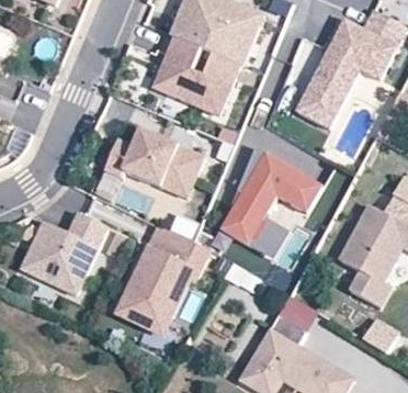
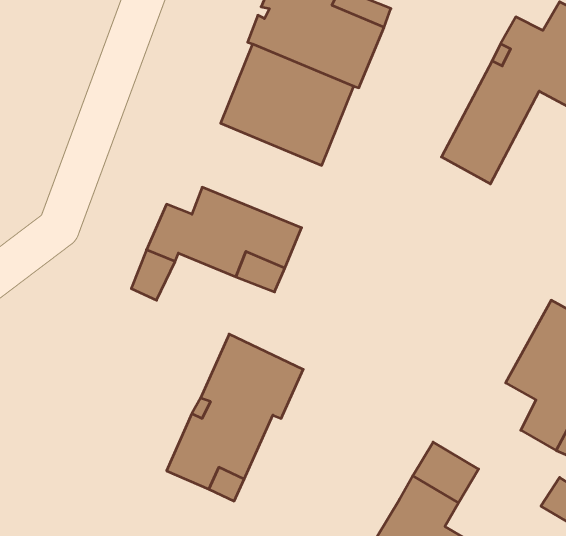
building: [225,145,321,252] -> none
building: [20,212,107,294] -> none

